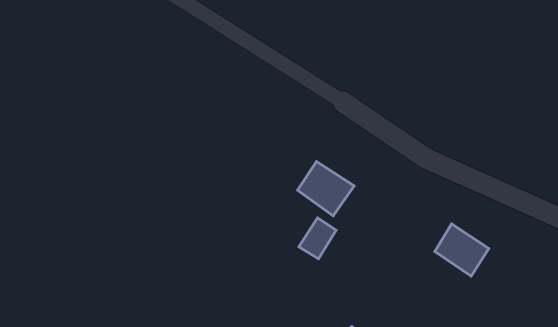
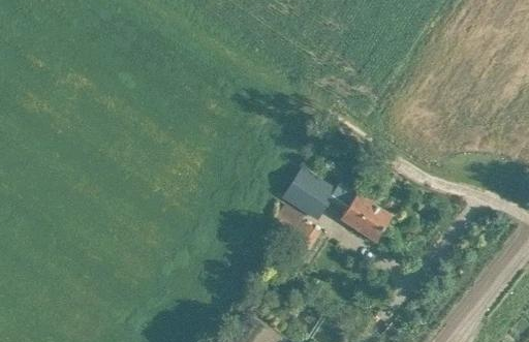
building: [435,224,489,276] -> [341,192,392,241]

